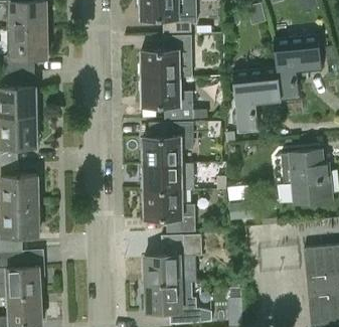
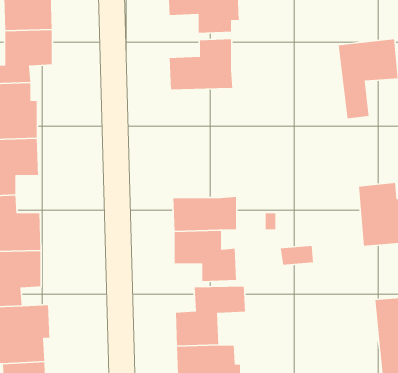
building: [233,42,282,135] -> none
building: [141,77,208,119] -> none
building: [142,123,192,164] -> none

